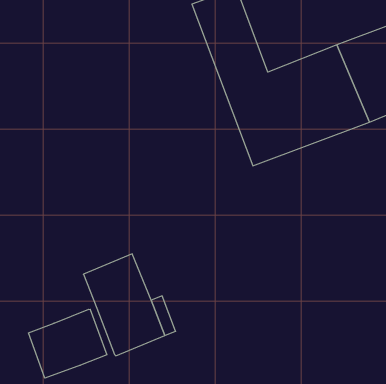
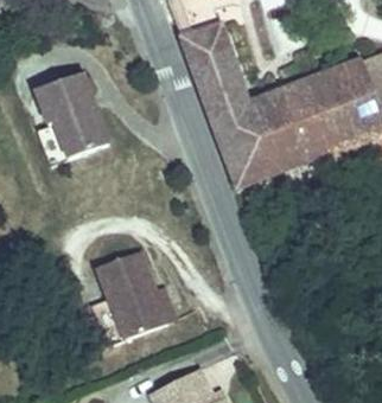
building: none -> [33,73,107,168]
building: [28,309,107,378] -> none

